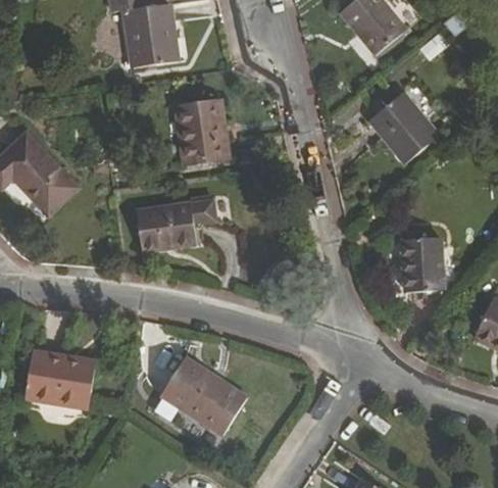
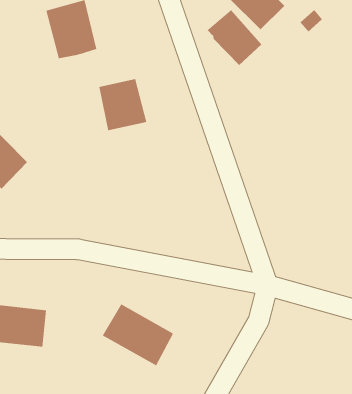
building: [369,91,433,157] -> [207,10,262,66]
building: [135,194,215,253] -> none
building: [409,240,443,290] -> none

